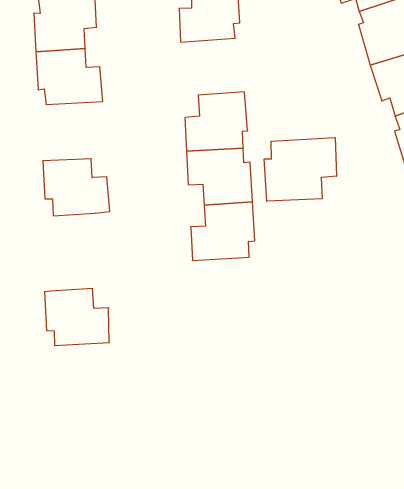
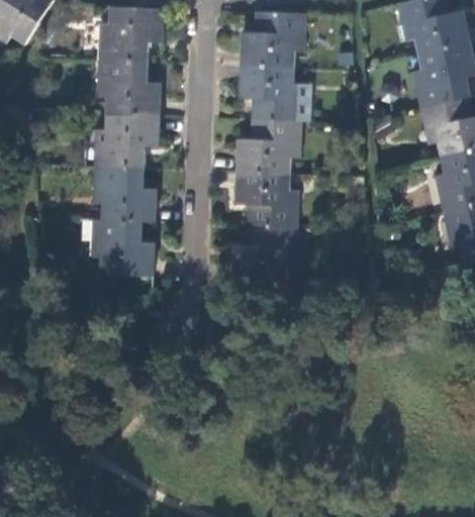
building: none -> [240,65,310,120]
building: none -> [97,110,161,167]
building: [264,138,336,201] -> none
building: [44,289,109,346] -> [93,217,155,273]

